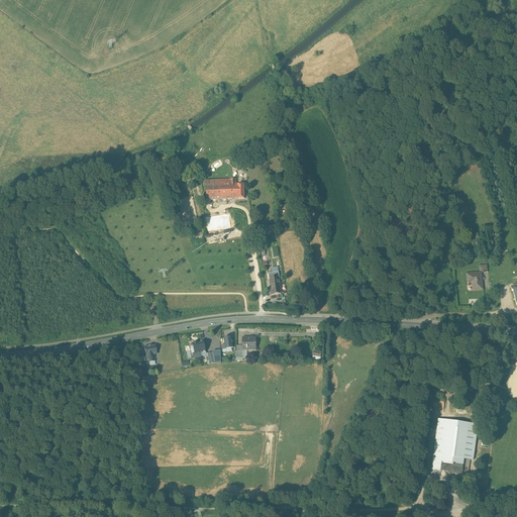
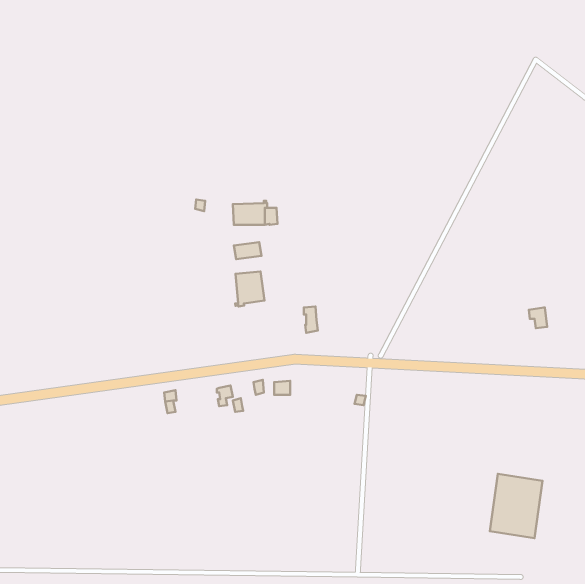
building: none -> [235,272,264,306]

